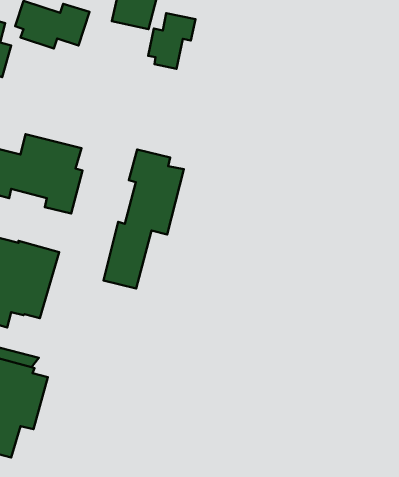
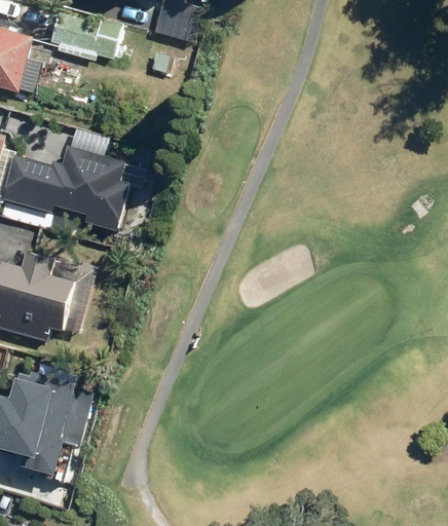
building: [148,13,196,69] -> none
building: [103,149,184,289] -> none

